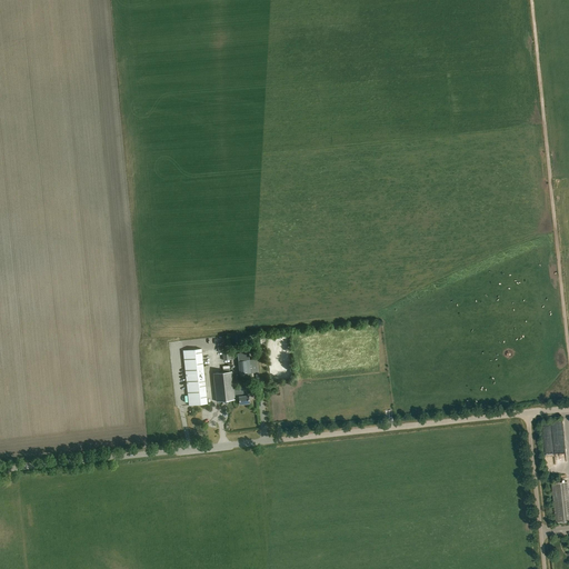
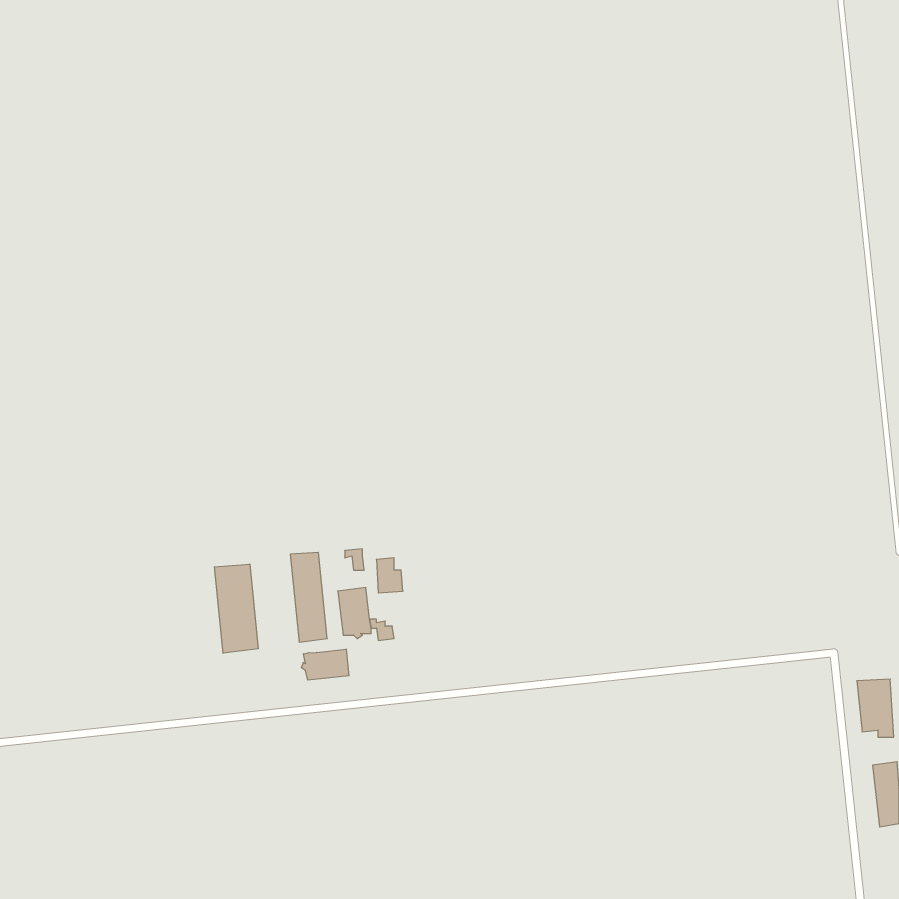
building: none -> [214,564,258,653]
building: none -> [302,649,349,680]

